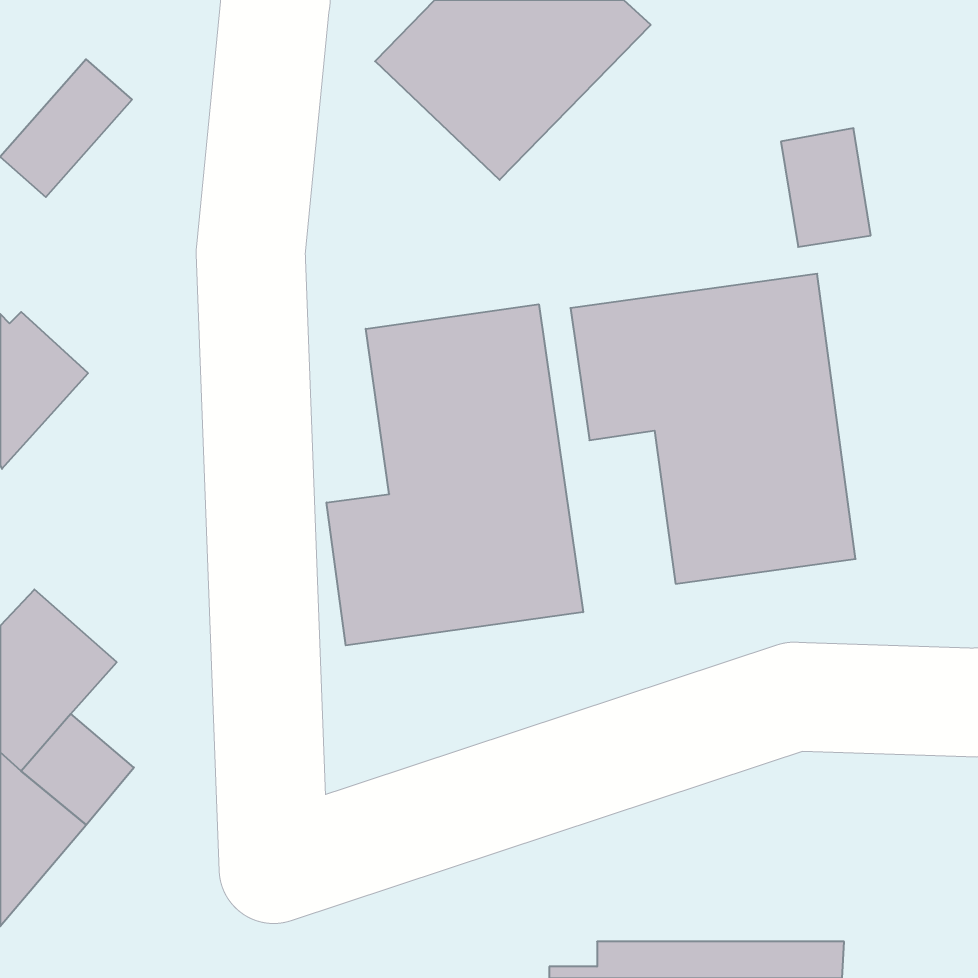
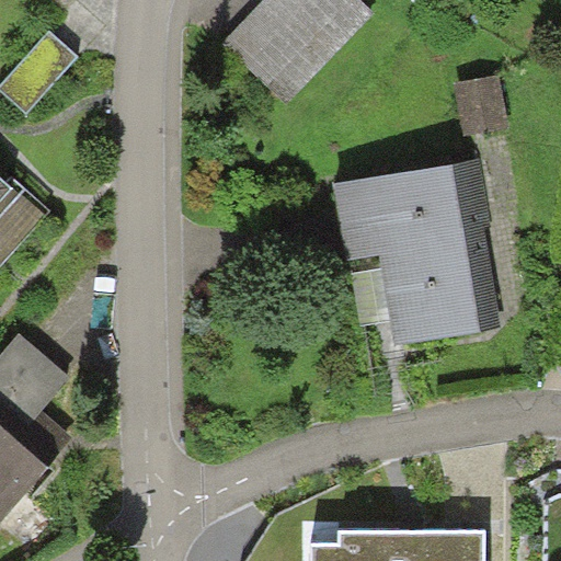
building: [327,304,583,645] -> none

